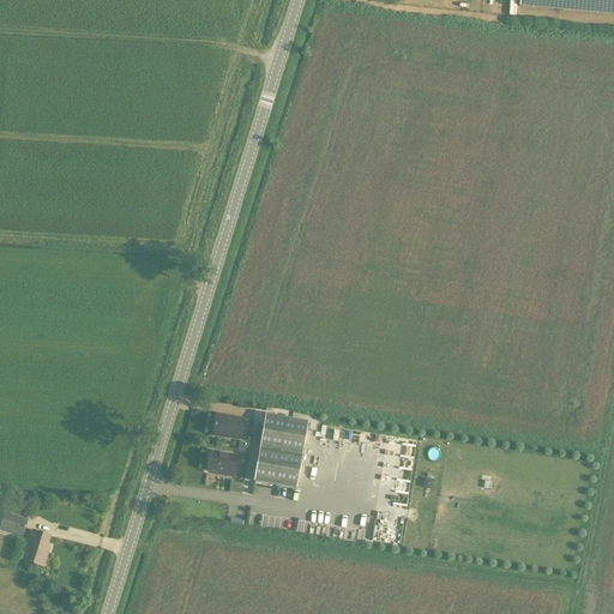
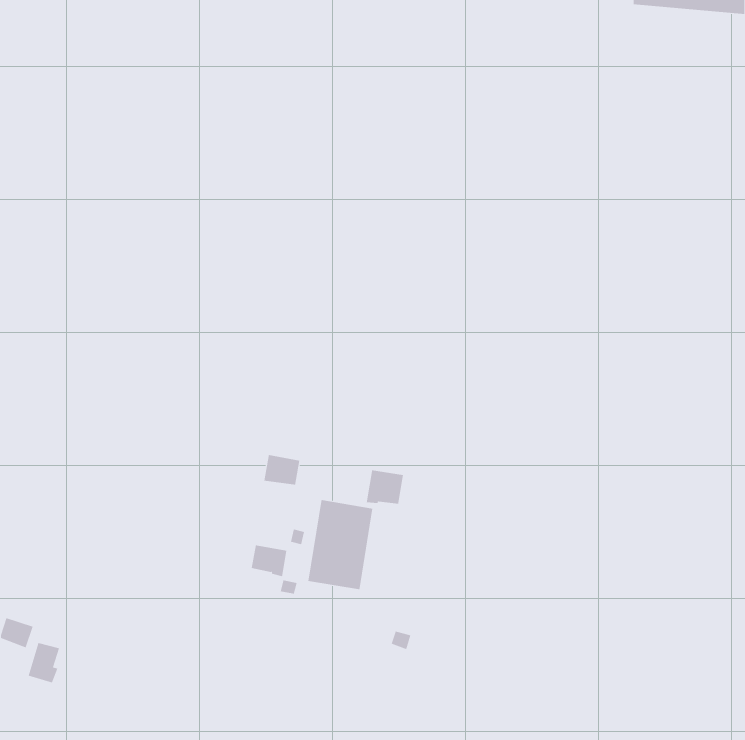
building: none -> [366,469,403,504]
building: [212,411,242,437] -> [264,455,300,485]

